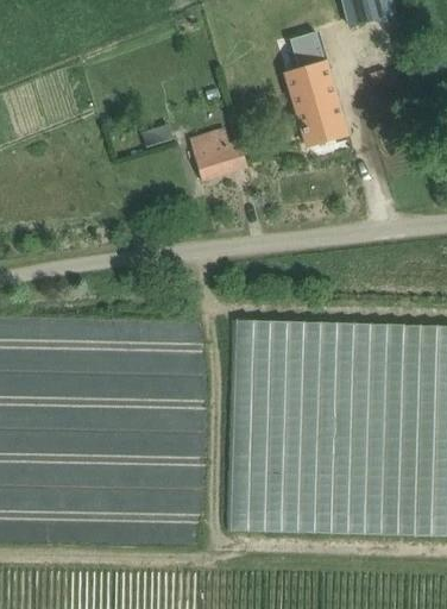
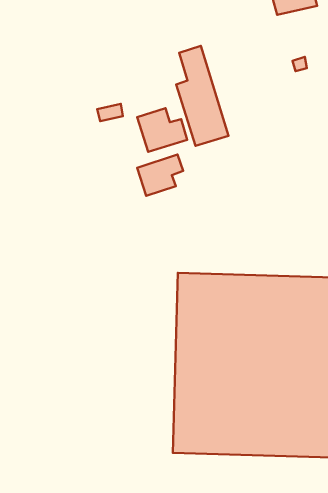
building: [287,29,347,145] -> [176,46,228,146]
building: none -> [137,155,183,196]

